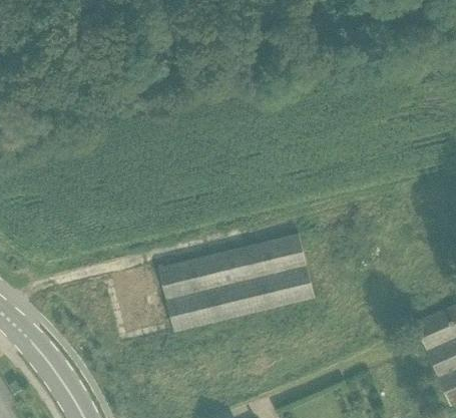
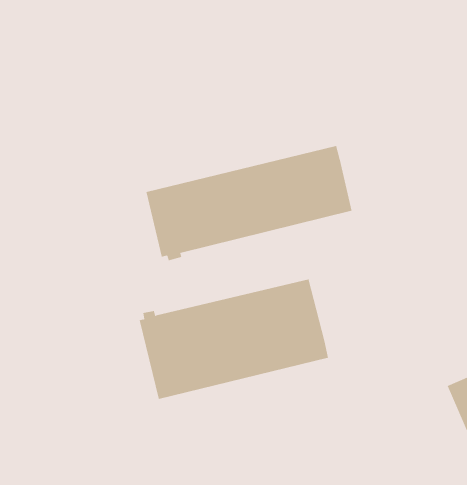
building: none -> [146,145,352,261]

